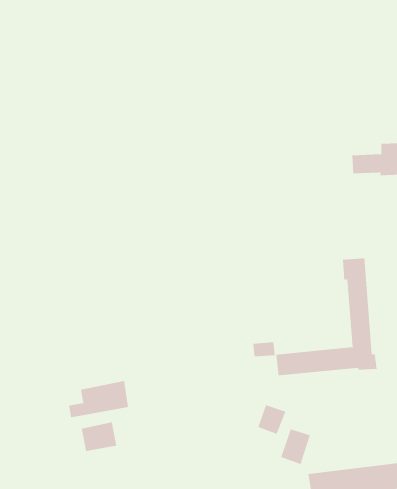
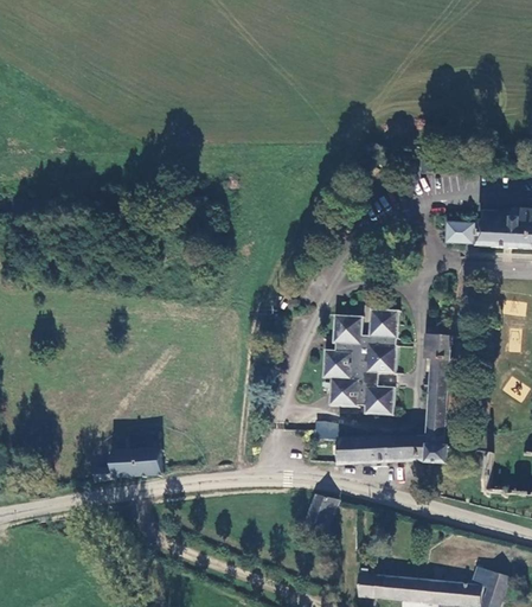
building: none -> [321,309,398,415]
building: [81,421,117,452] -> none
building: [280,429,310,465] -> none

